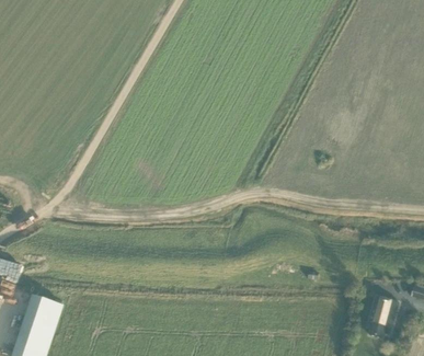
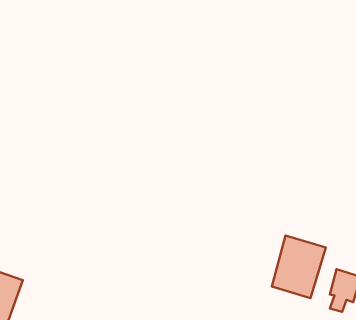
building: none -> [272,236,326,298]

